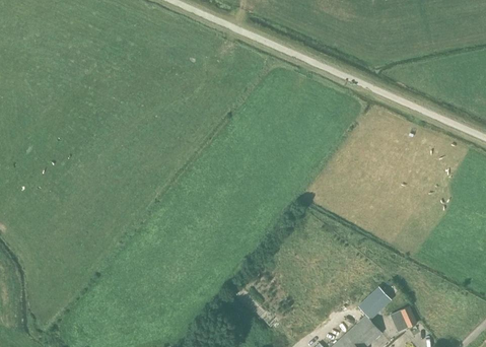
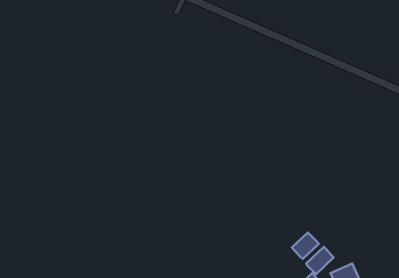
building: none -> [292,233,319,259]

